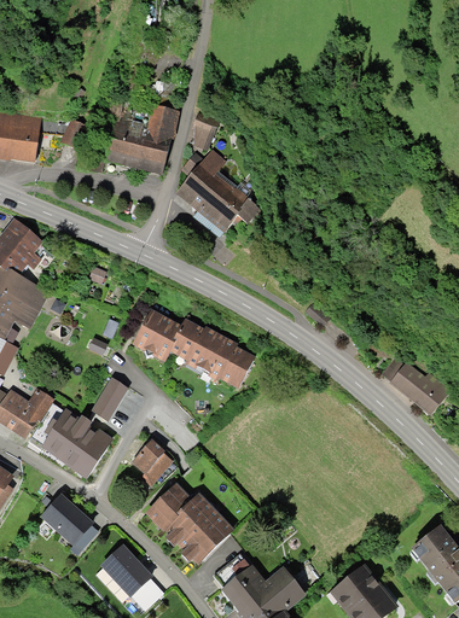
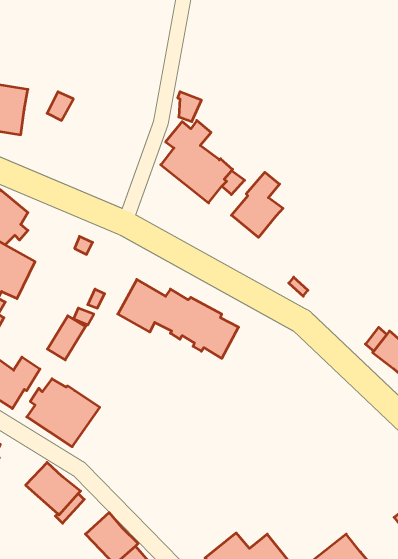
building: [105,104,180,174] -> none
building: none -> [231,172,283,237]
building: [89,375,128,420] -> [47,316,86,360]
building: [130,438,173,485] -> none
building: [145,482,233,564] -> none

